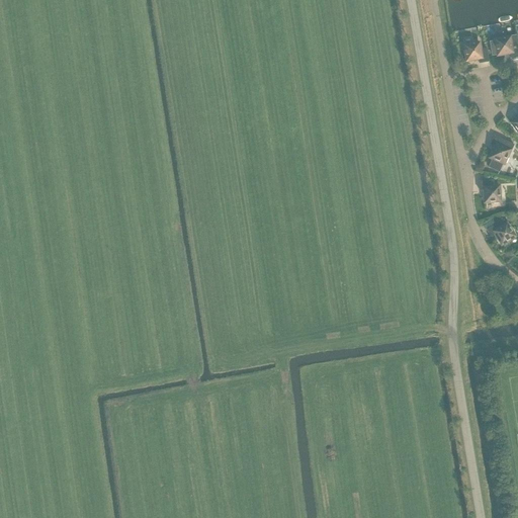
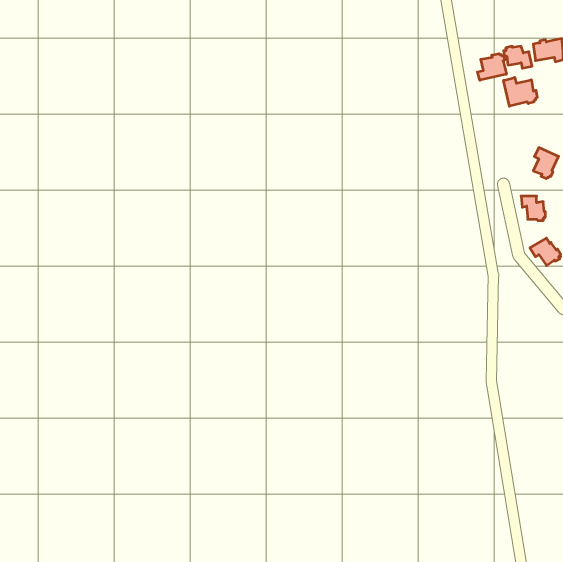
building: none -> [477,54,506,80]
building: none -> [504,77,537,106]

